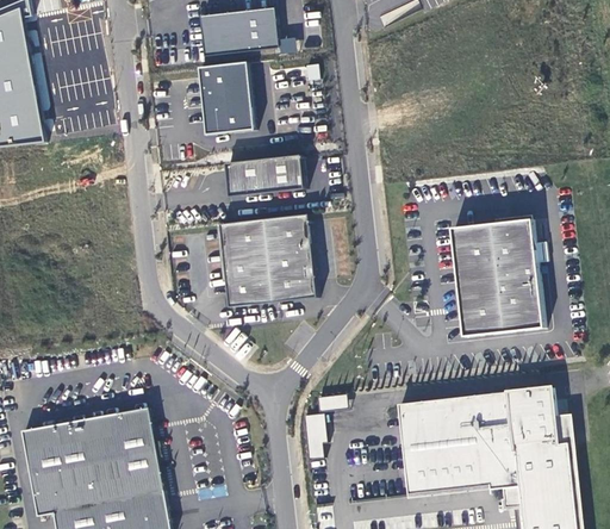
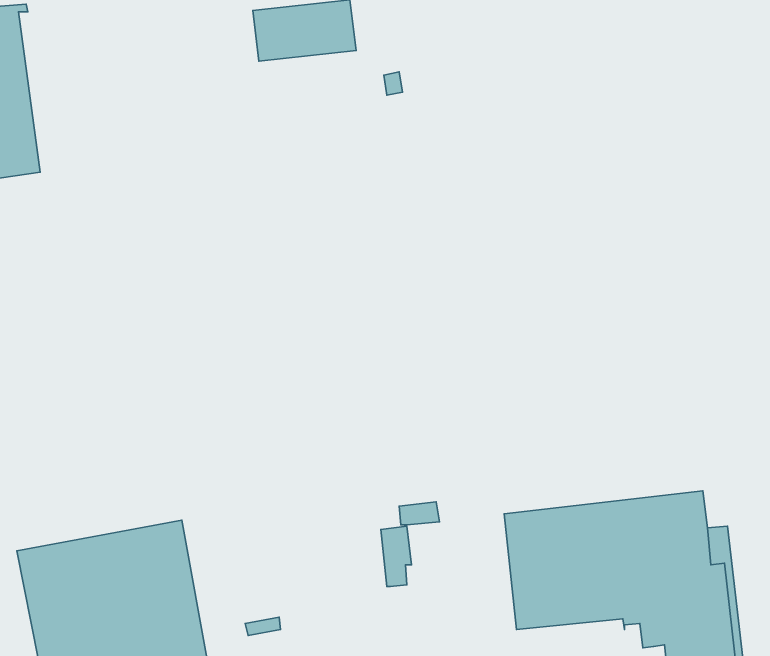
building: [195,58,250,130] -> none
building: [226,154,306,197] -> none
building: [220,213,318,306] -> none
building: [452,217,547,335] -> none

